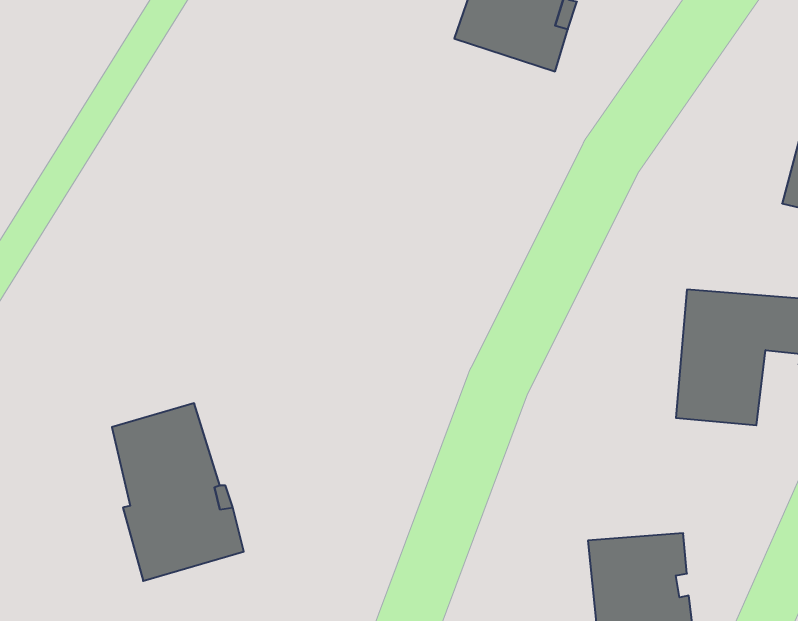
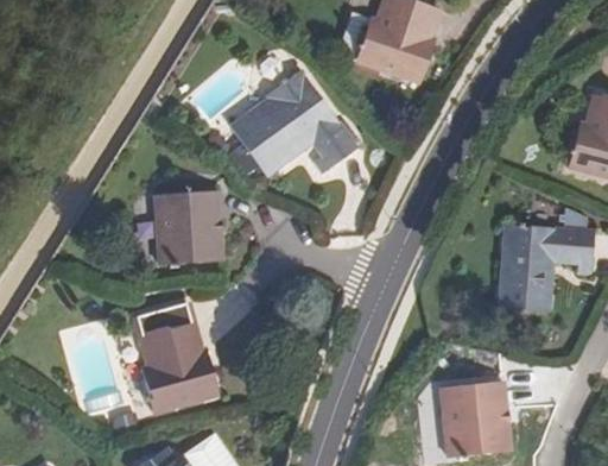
building: none -> [230,68,357,175]
building: none -> [154,189,222,263]

